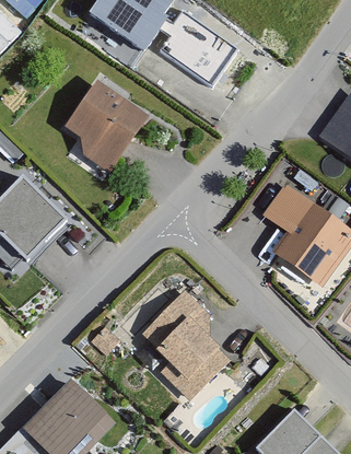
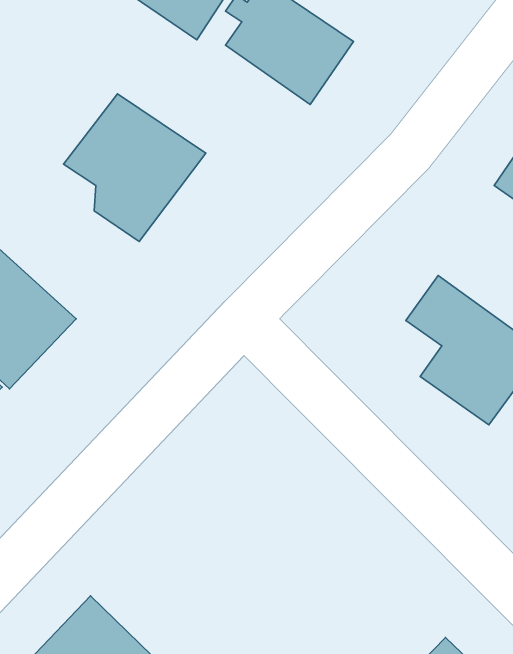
building: [148,295,237,404] -> none

